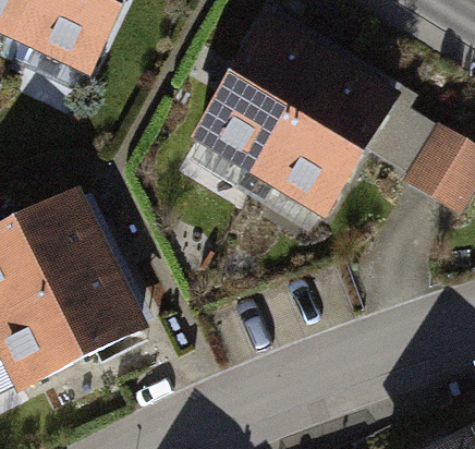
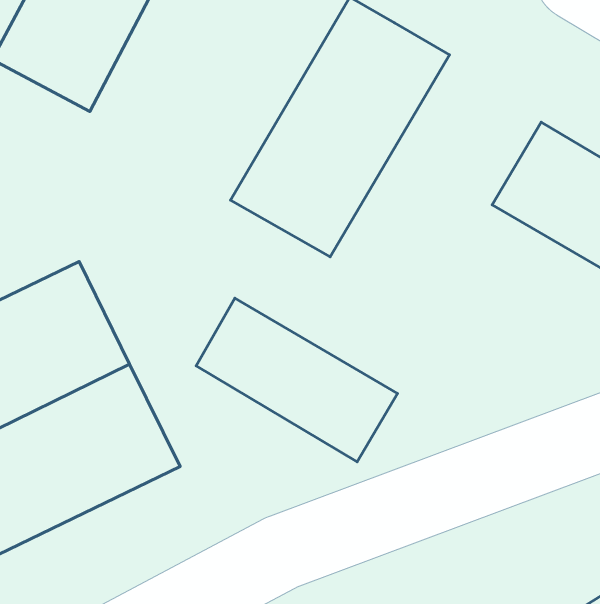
building: [252,48,406,233] -> none
building: none -> [196,298,397,462]

